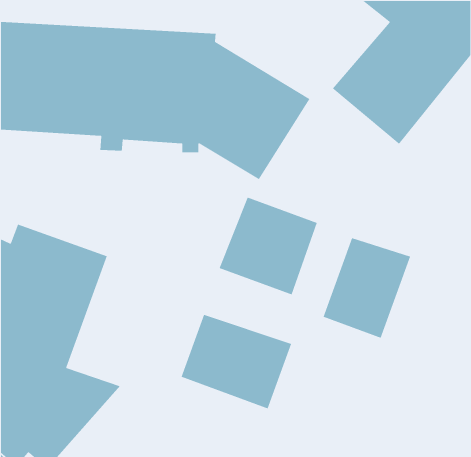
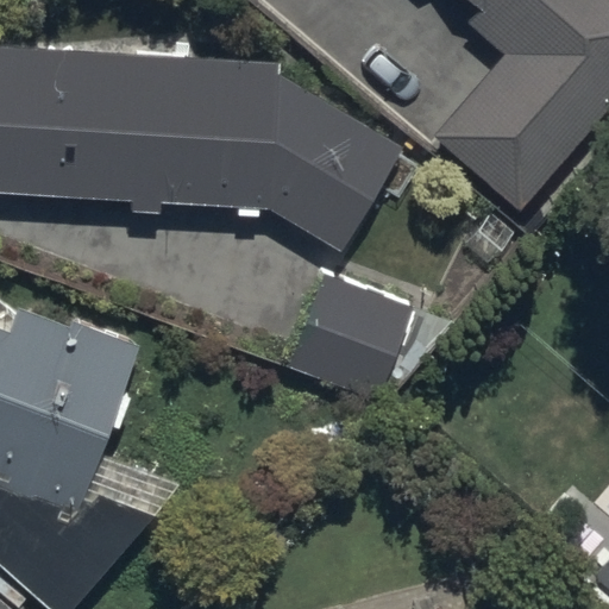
building: [323,237,411,339] -> none
building: [180,314,292,410] -> none

